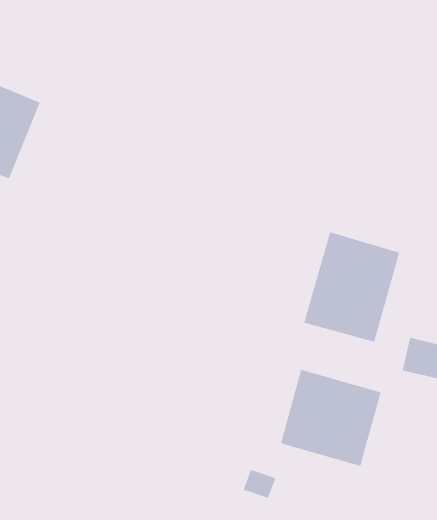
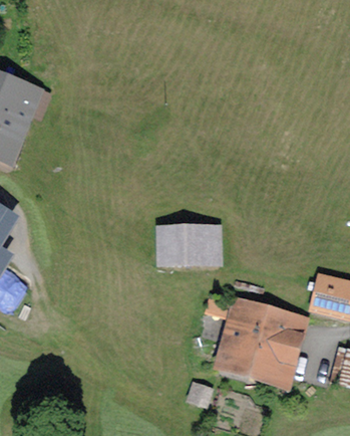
building: [304,232,400,343] -> none
building: none -> [164,224,209,255]

